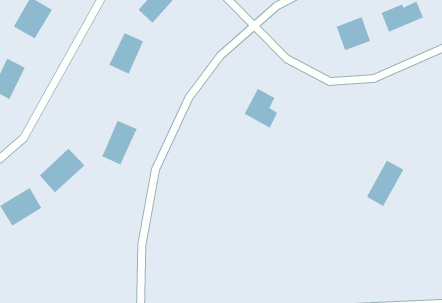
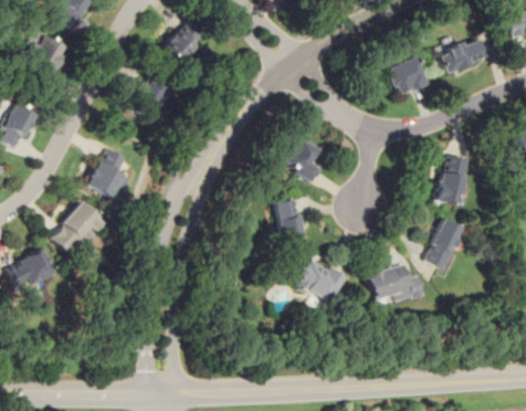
building: none -> [435,155,467,205]
building: [101,120,138,165] -> [88,147,129,198]
building: none -> [276,199,308,245]
building: none -> [290,253,348,304]
building: none -> [367,263,420,306]

